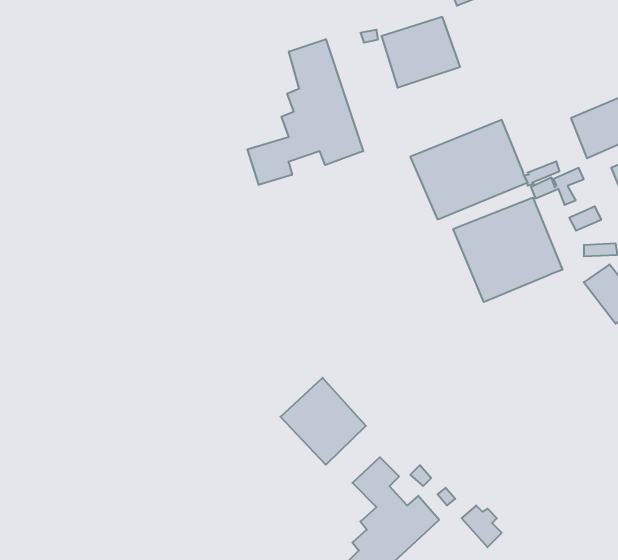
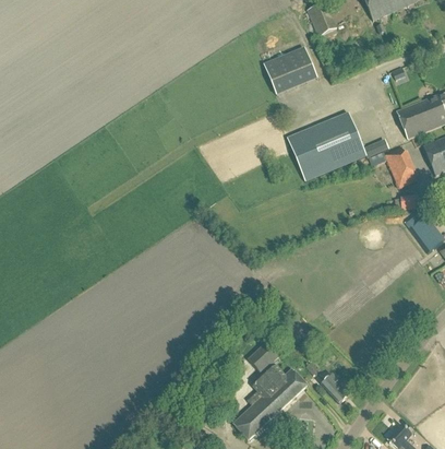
building: [247,39,363,185] -> none
building: [453,198,563,302] -> none
building: [280,378,366,465] -> none

